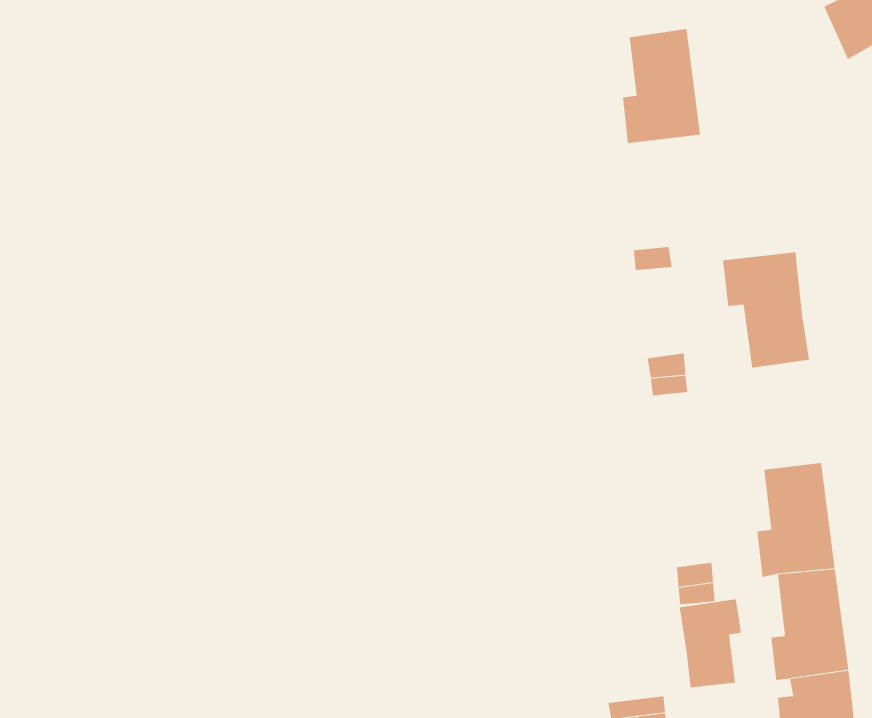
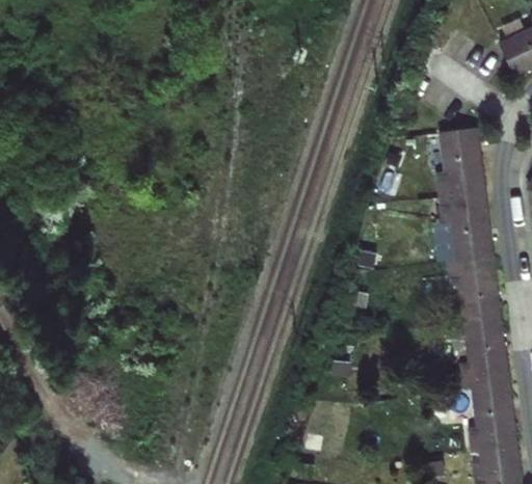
building: [622,29,701,143] -> [435,129,483,198]
building: none -> [447,259,499,325]
building: [679,598,741,688] -> none

